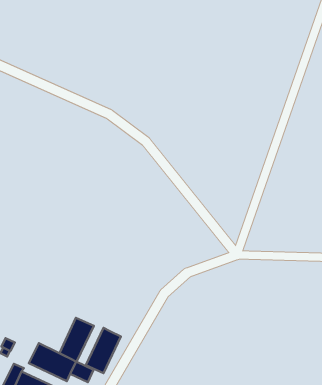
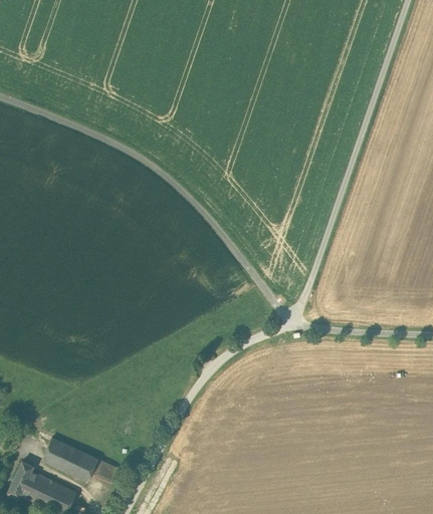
building: [59,318,94,362] -> none
building: [86,328,121,373] -> none

